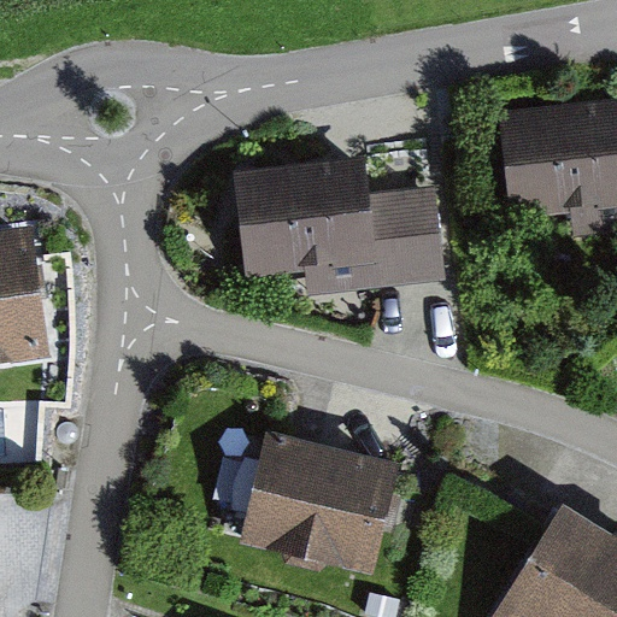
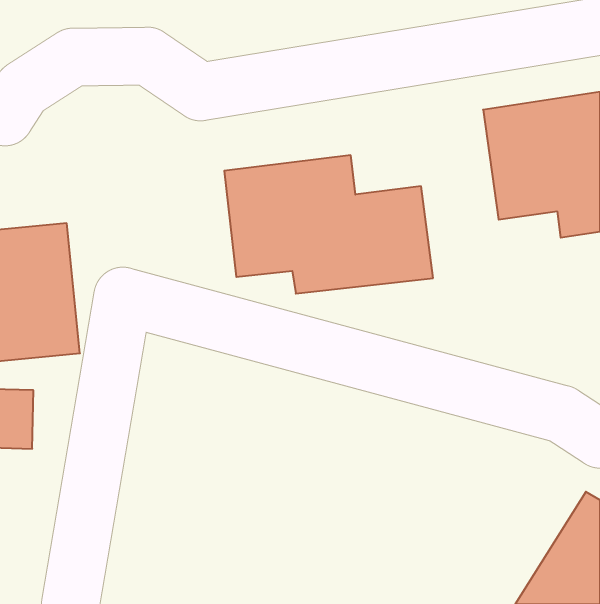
building: [258,431,430,582] -> none

